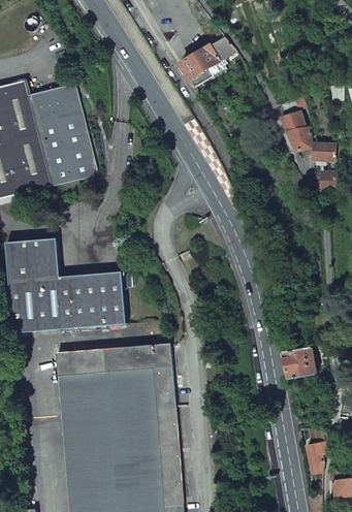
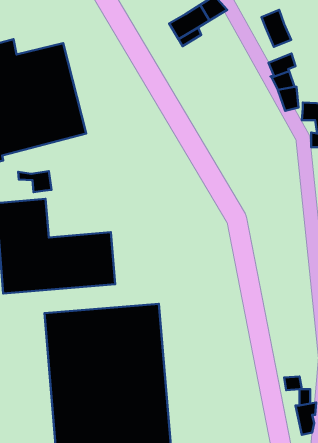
building: none -> [262,10,291,47]
building: none -> [18,171,51,192]
building: [283,346,315,379] -> none

